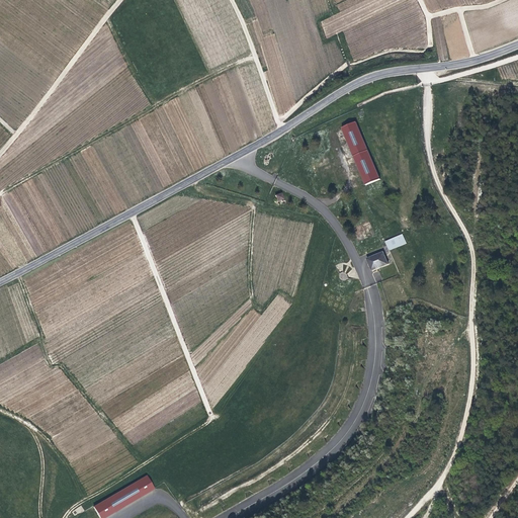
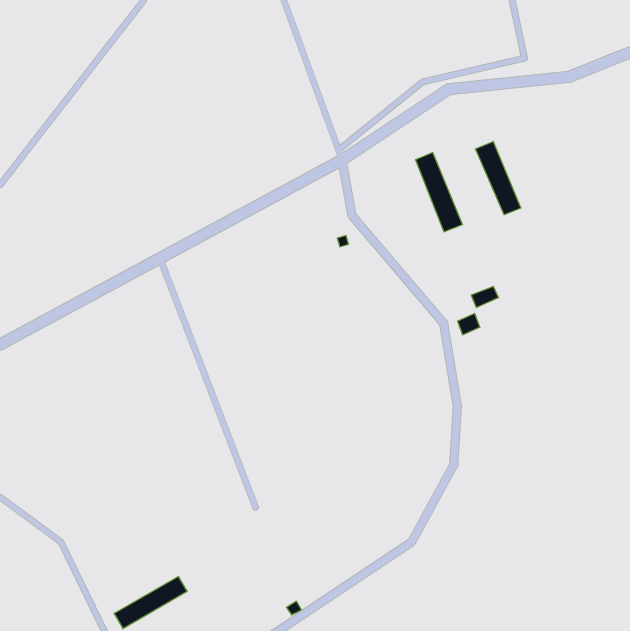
building: none -> [476,141,521,215]

